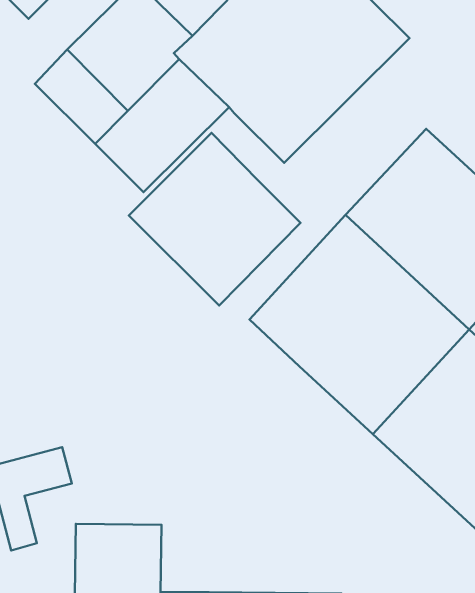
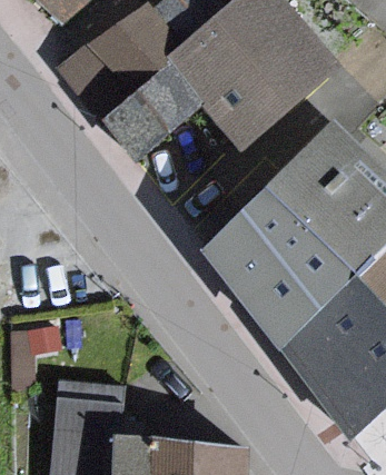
building: [129,133,301,306] -> none

